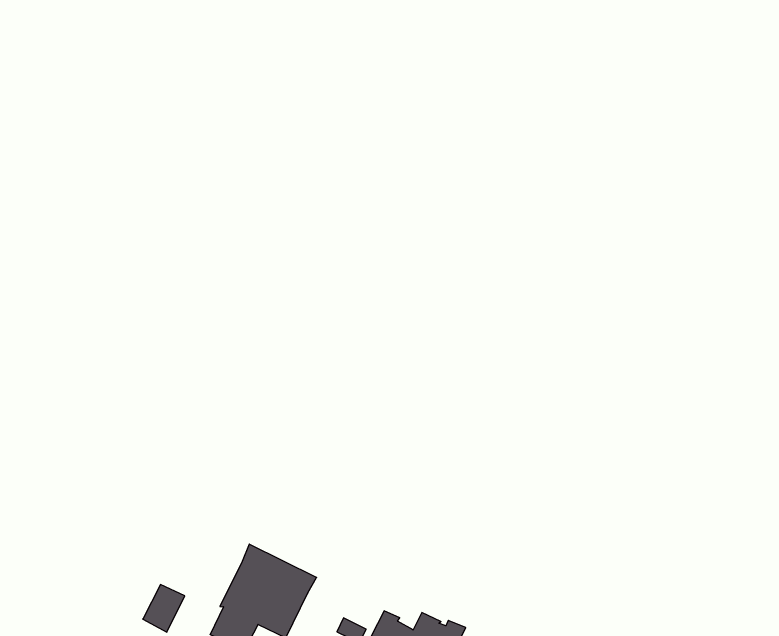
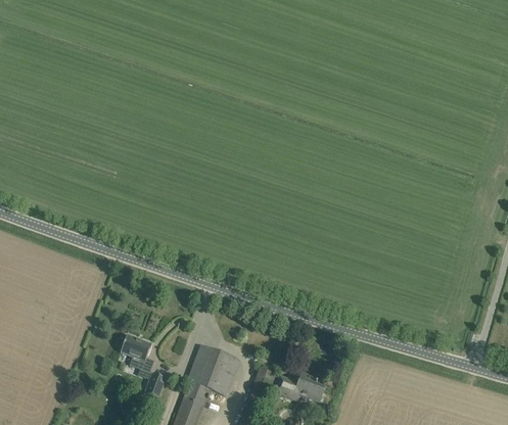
building: none -> [119,336,151,371]

